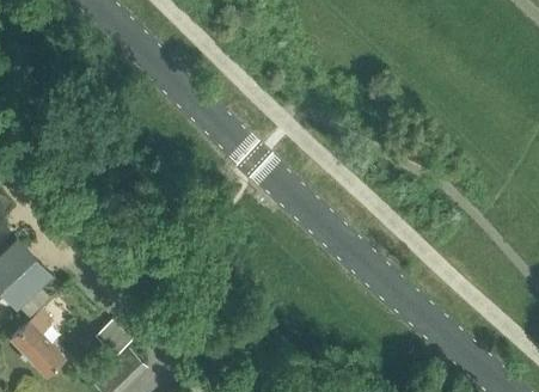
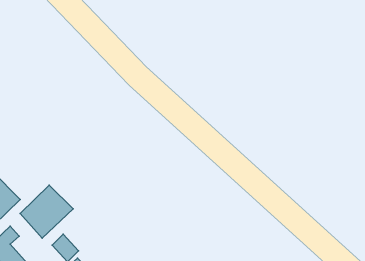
building: none -> [20,185,73,238]

